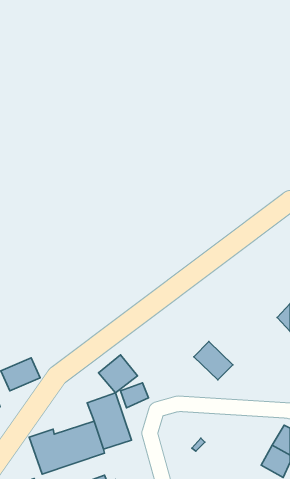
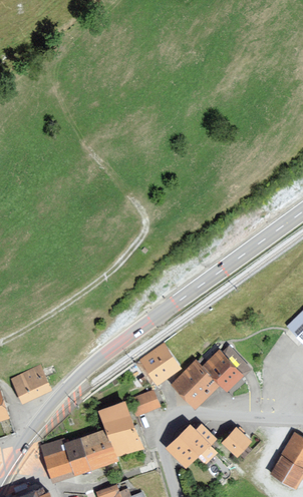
building: none -> [175,363,219,407]
building: [98,355,138,393] -> [142,343,182,381]
building: none -> [166,426,209,470]
building: none -> [223,428,252,457]

